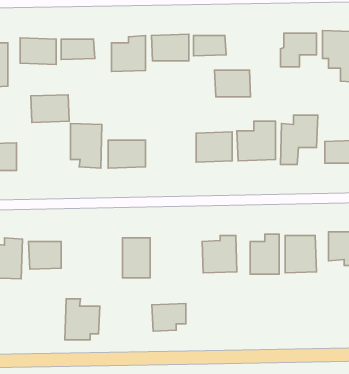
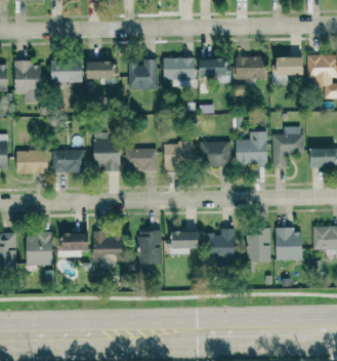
building: [214,70,251,97] -> [236,55,266,78]
building: [31,95,69,122] -> [52,149,85,172]
building: none -> [164,142,194,168]
building: [65,299,100,340] -> [93,231,123,266]
building: [152,303,186,331] -> [170,231,199,254]

